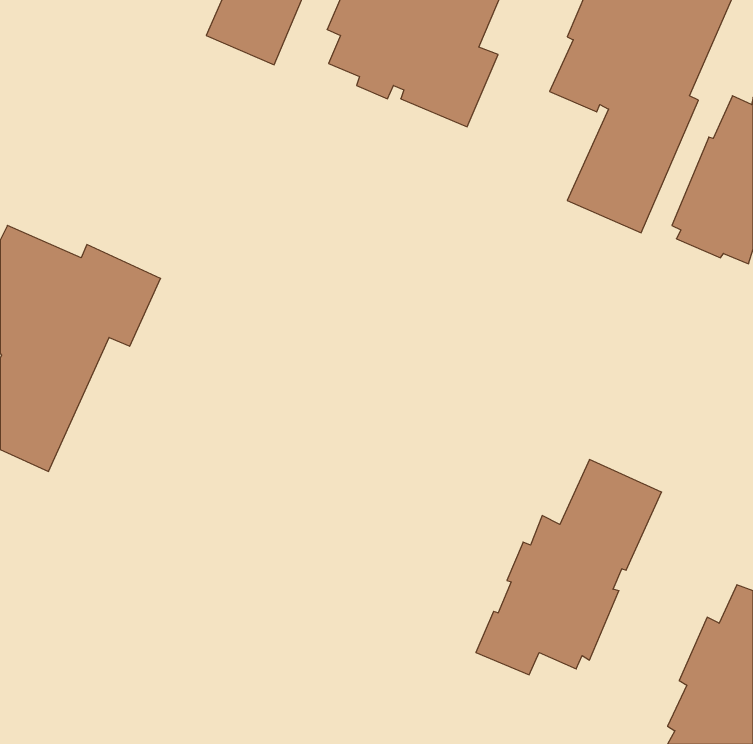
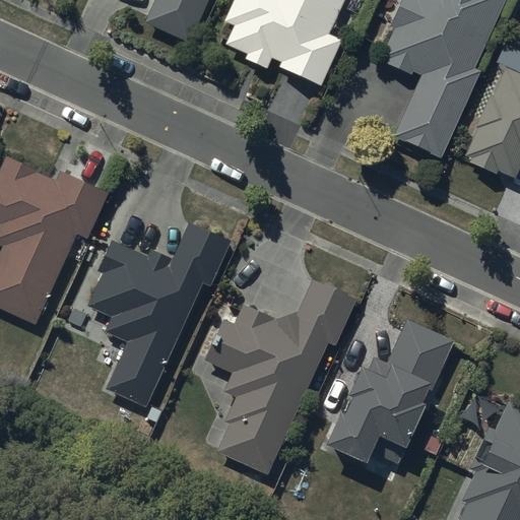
building: none -> [88,219,234,407]
building: none -> [204,274,360,477]

